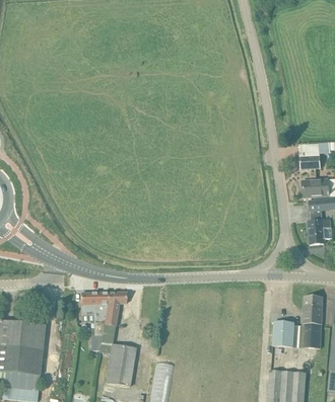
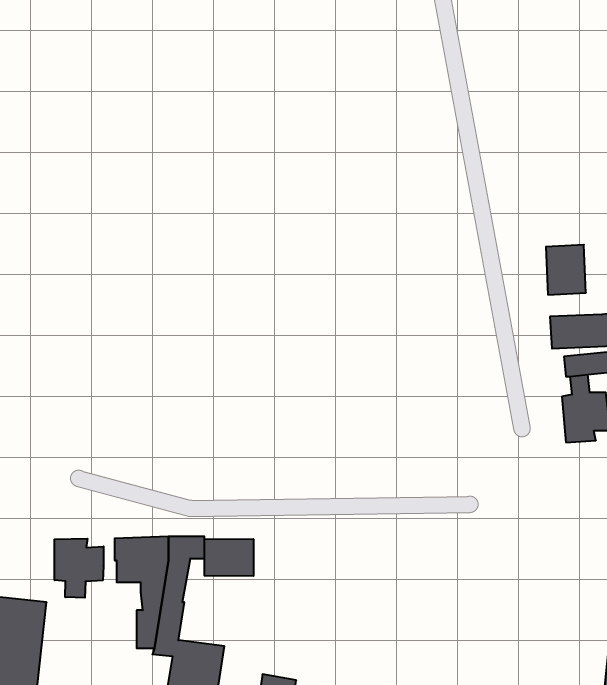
building: none -> [55,539,104,598]
building: none -> [204,539,253,576]
building: [272,296,323,348] -> none

